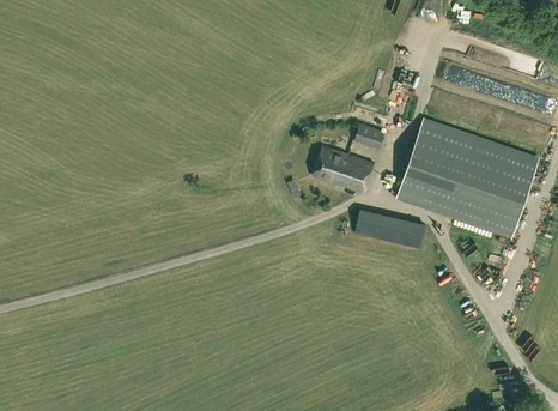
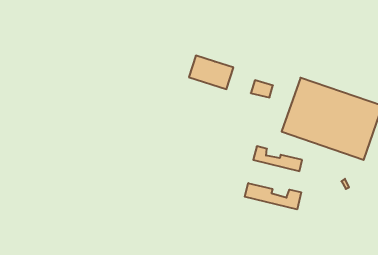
building: [313,144,375,191] -> [189,56,233,89]
building: none -> [245,183,301,209]

